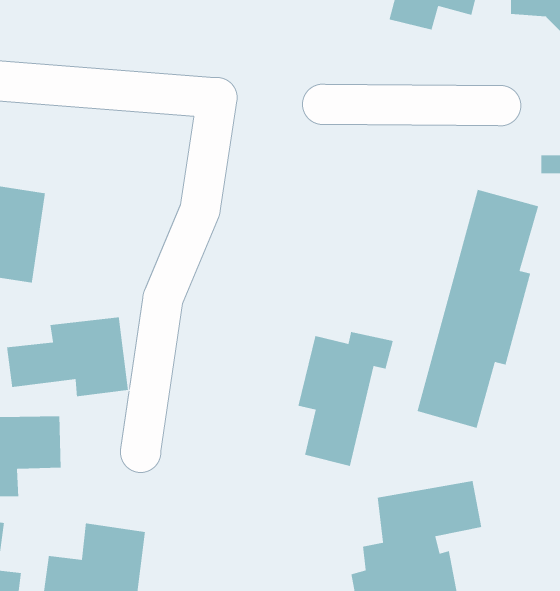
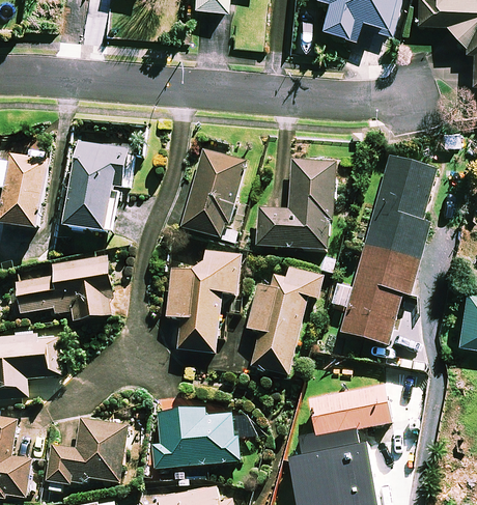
building: none -> [65,128,129,233]
building: none -> [180,148,246,242]
building: none -> [256,158,335,250]
building: none -> [167,250,242,352]
building: none -> [157,409,253,467]

